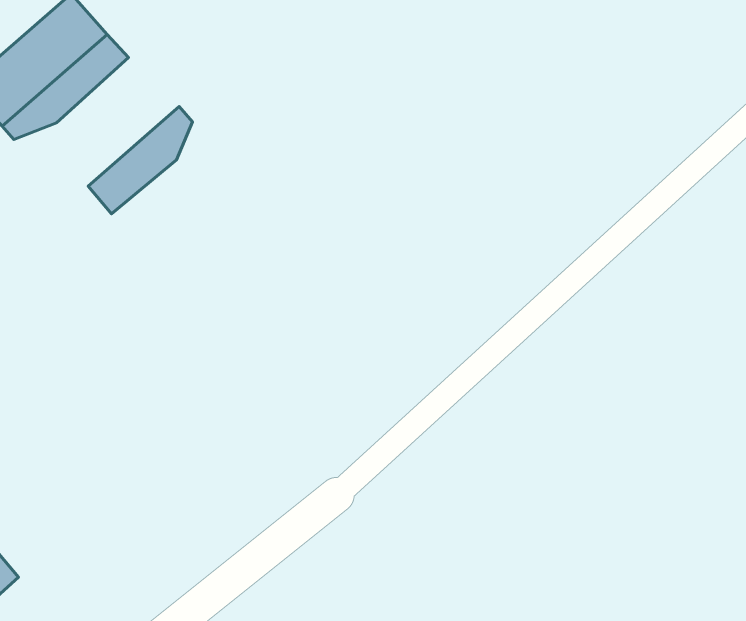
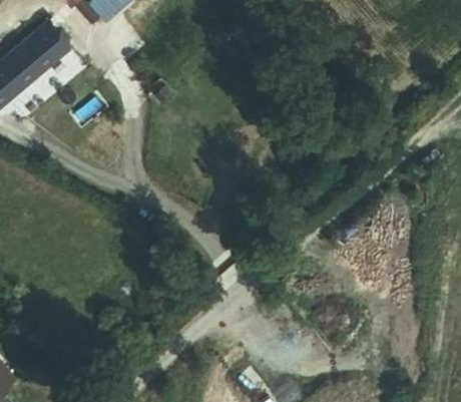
building: [88,107,192,214] -> none

